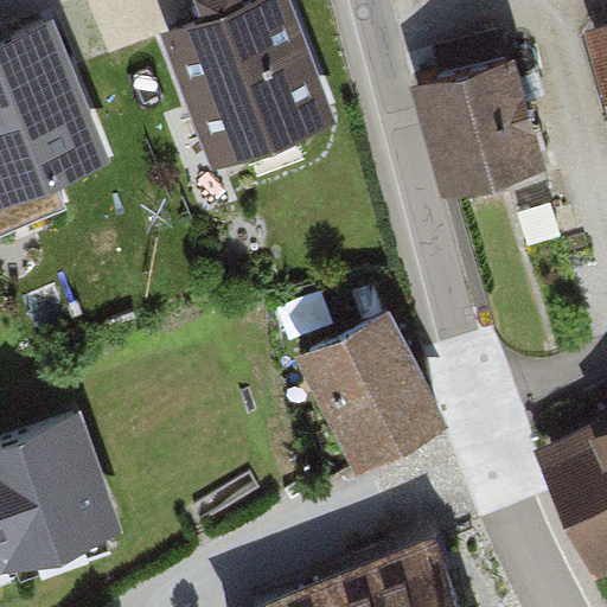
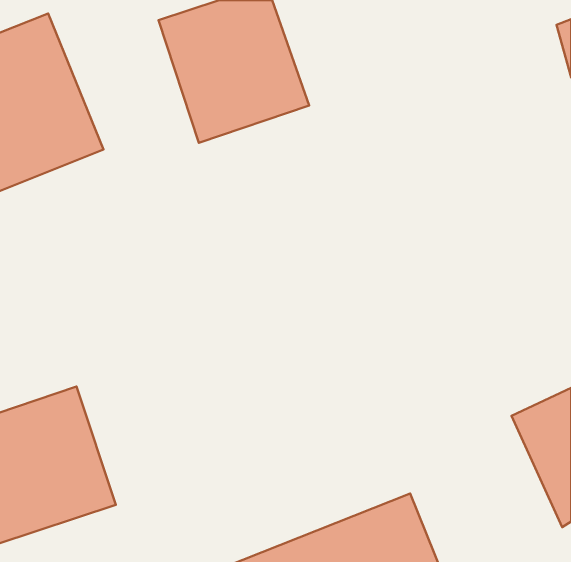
building: [421,59,545,192] -> none
building: [305,327,435,472] -> none

